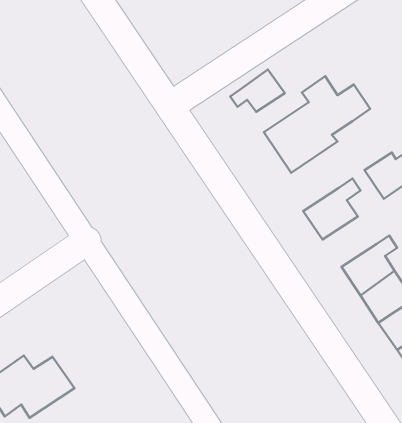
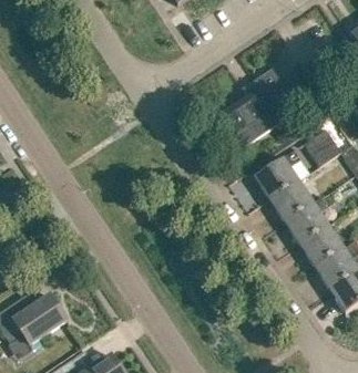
building: [230,69,285,112] -> none
building: none -> [268,180,313,221]

